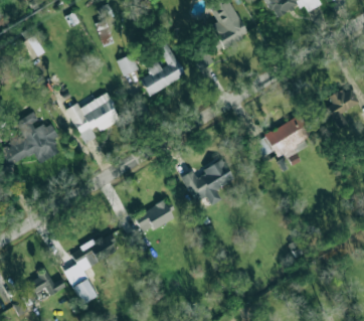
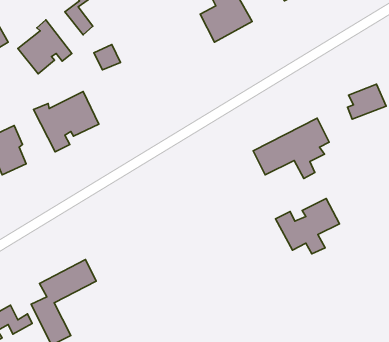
building: none -> [18,20,72,74]
building: [140,43,185,96] -> none
building: [180,159,233,205] -> [276,198,340,254]
building: [135,202,173,232] -> none

